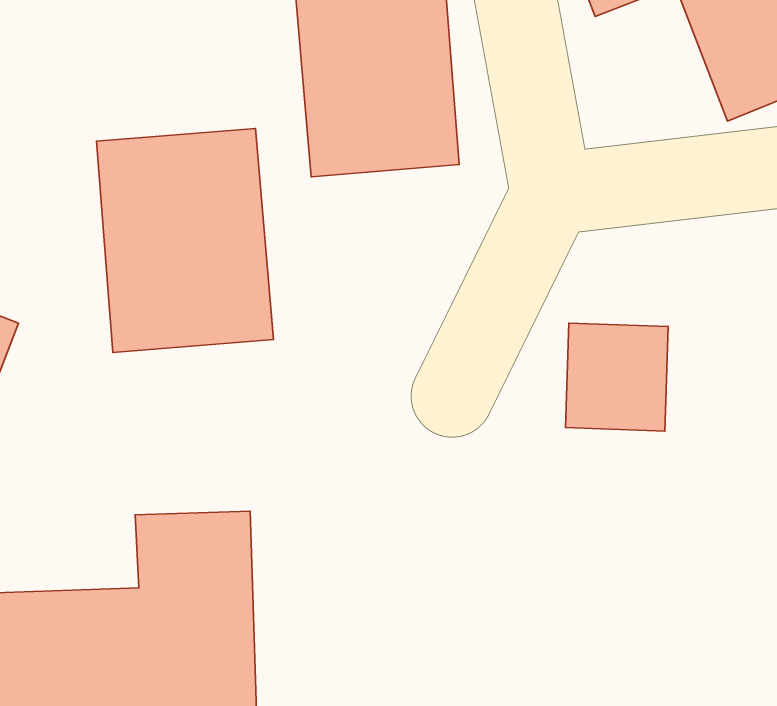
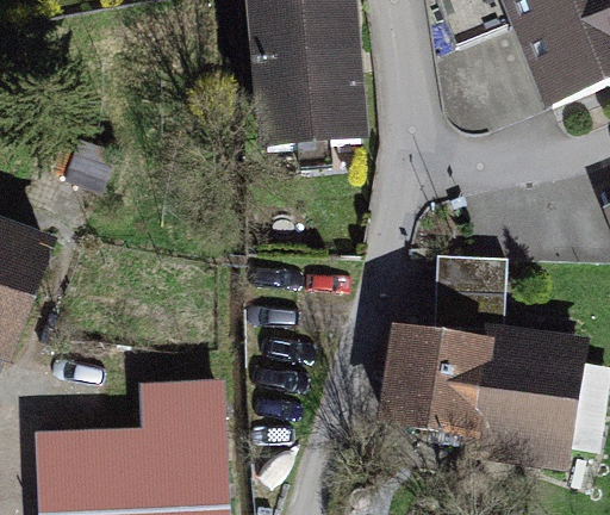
building: [97,128,274,353] -> none
building: none -> [394,327,569,459]

